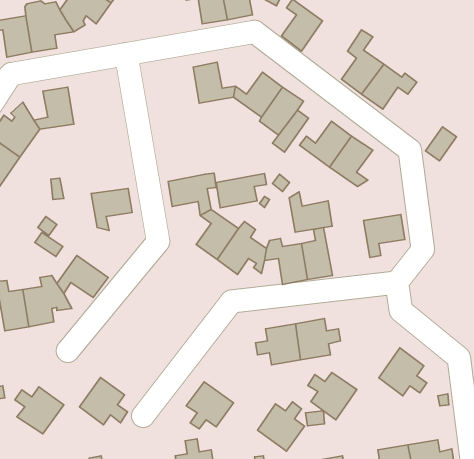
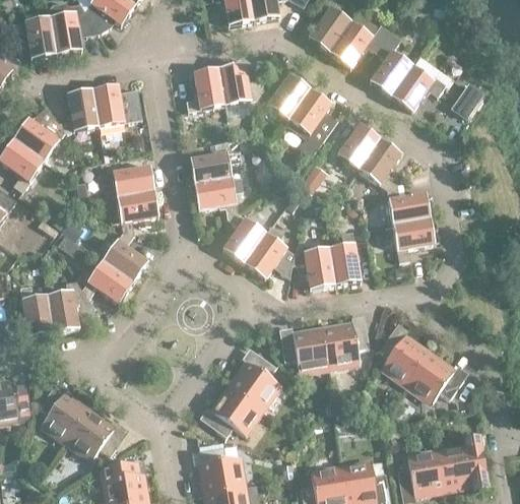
building: none -> [330,14,391,66]
building: none -> [187,68,226,111]
building: none -> [93,84,143,126]
building: [425,127,456,161] -> [454,82,485,117]
building: none -> [102,166,154,196]
building: [216,174,266,208] -> [191,149,242,184]
building: [289,192,332,232] -> [387,183,431,224]
building: none -> [103,231,148,281]
building: [308,373,357,420] -> [380,335,430,383]
building: [80,378,128,425] -> [68,411,117,458]
building: [258,402,305,451] -> [232,359,279,408]

